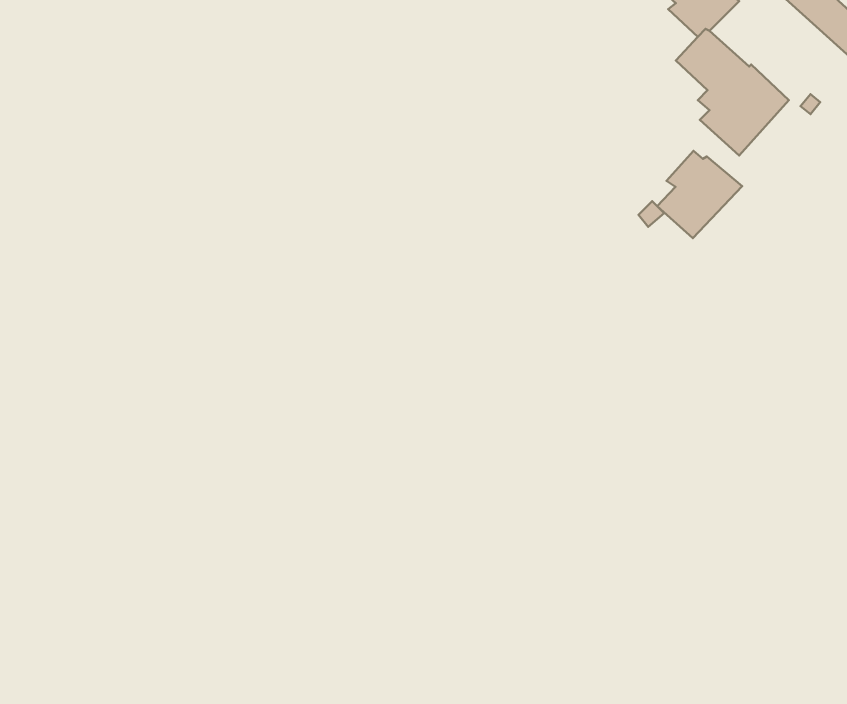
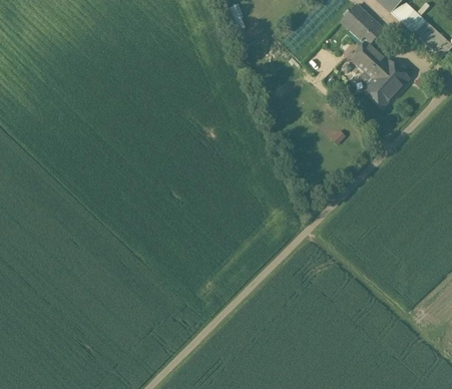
building: [657,151,742,238] -> none

